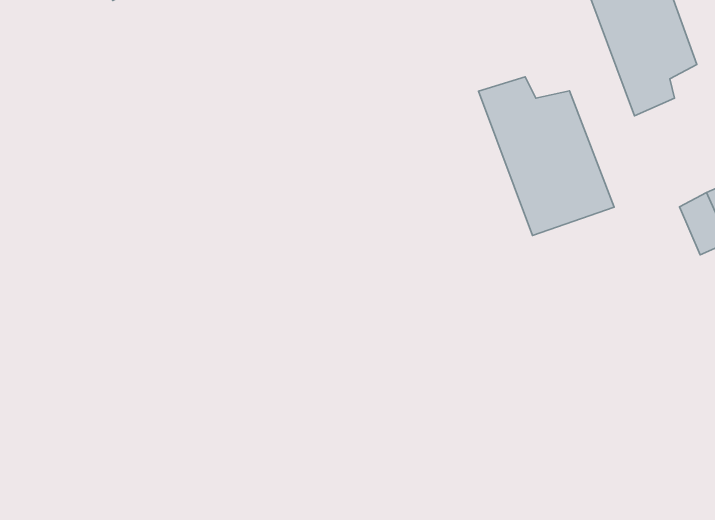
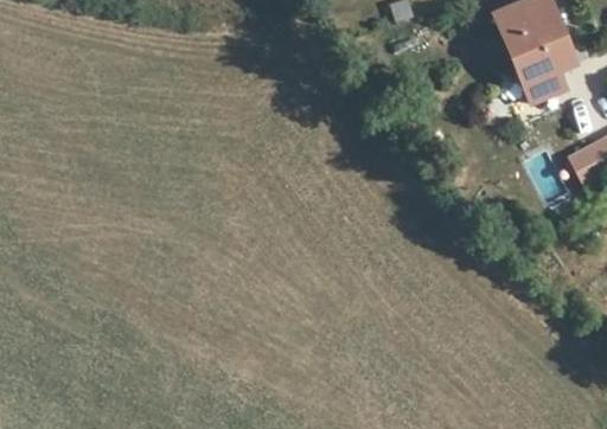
building: [479,77,614,235] -> none

